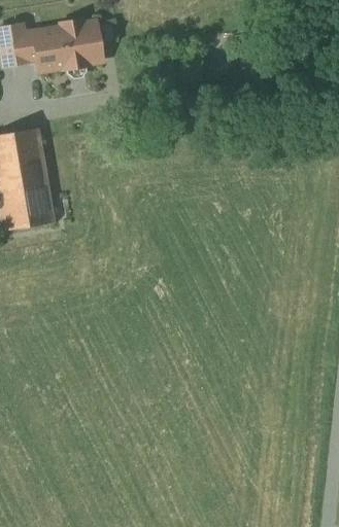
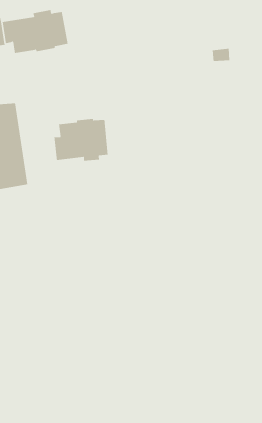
building: none -> [54,118,108,161]

